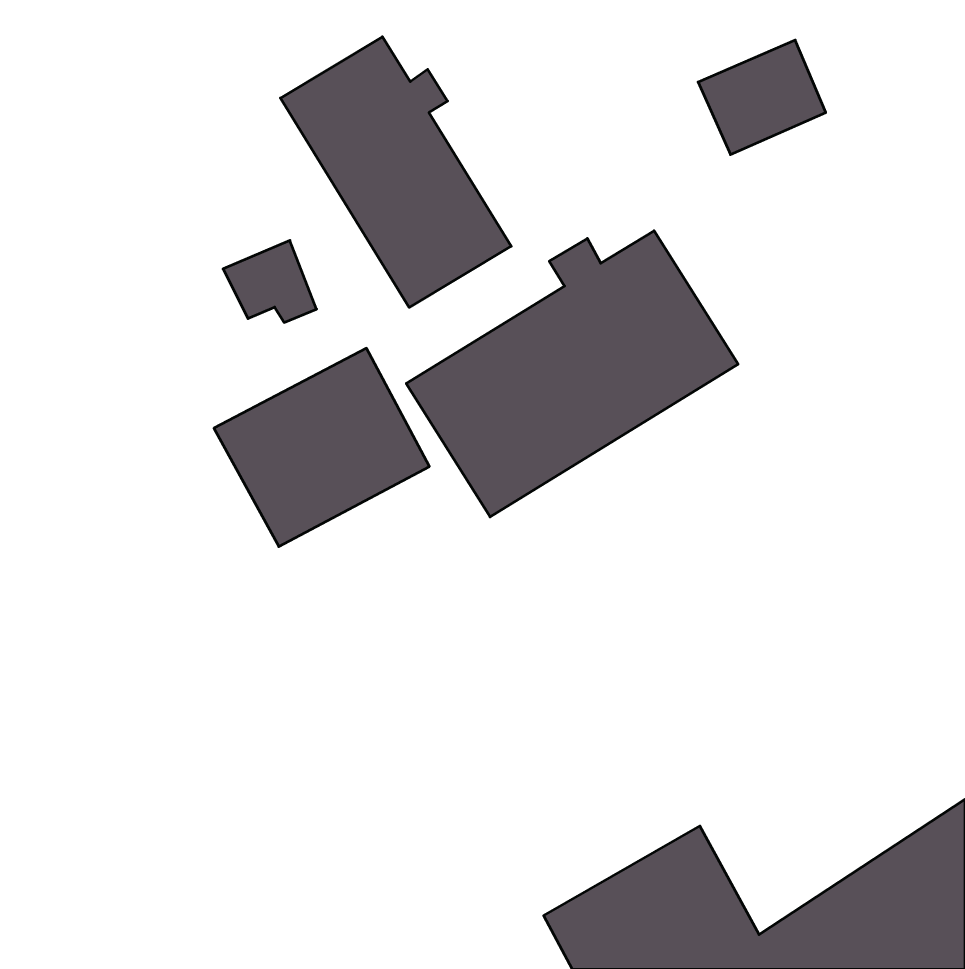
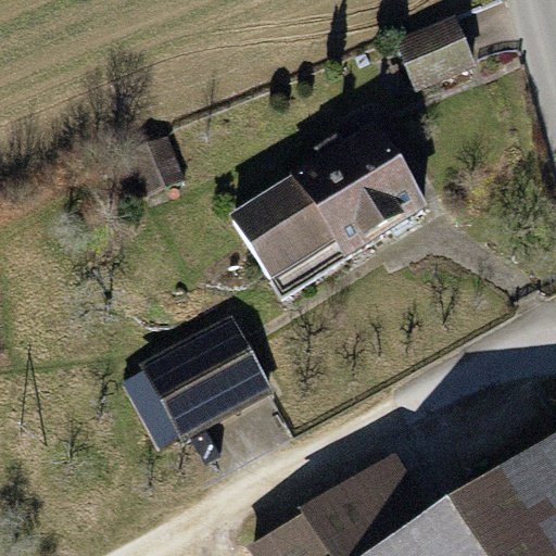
building: [280,37,511,307] -> none
building: [214,348,429,547] -> [144,324,267,437]

